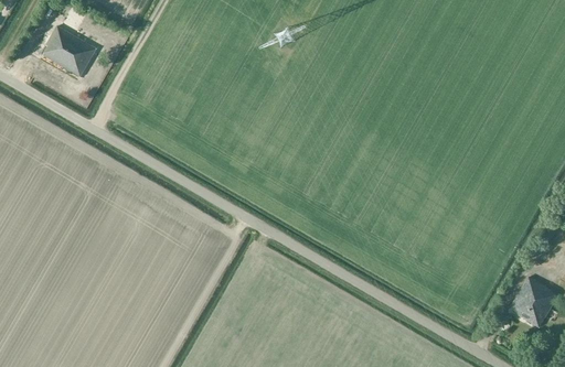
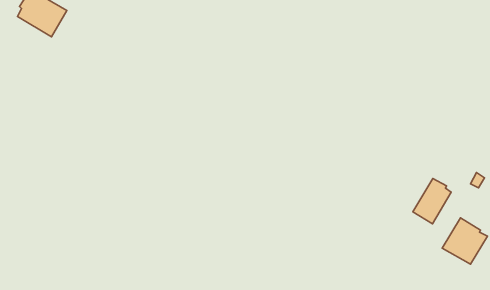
building: none -> [413,179,451,224]

